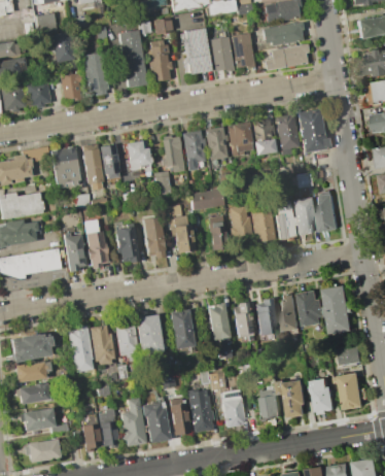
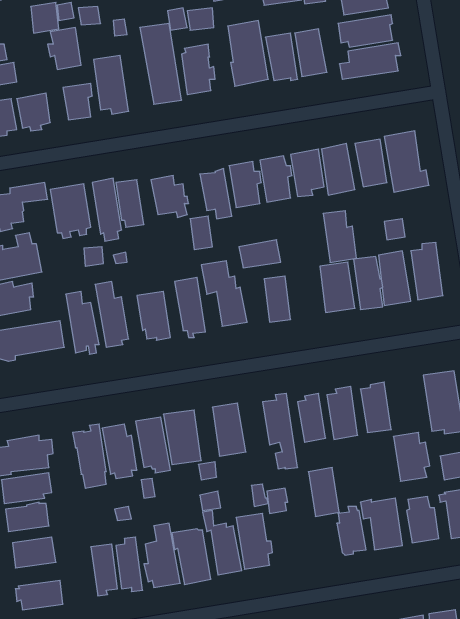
building: [229,205,253,243] -> [323,211,357,262]
building: [301,291,327,327] -> [393,432,430,481]
building: [221,390,244,427] -> [308,468,339,516]

